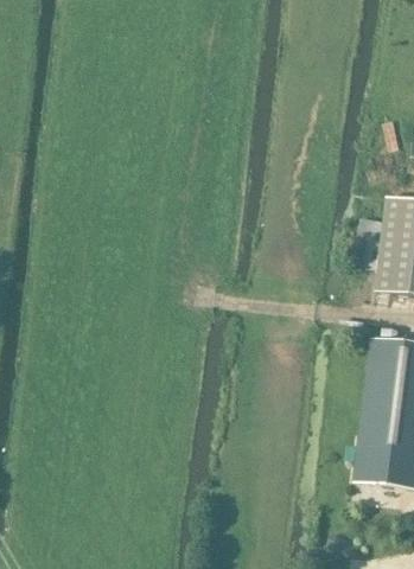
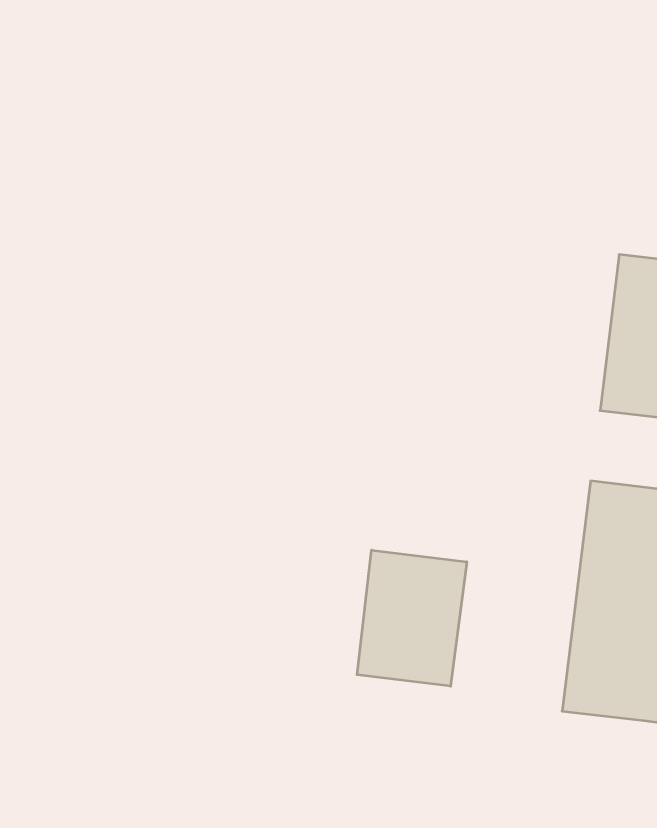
building: none -> [357,550,467,686]

